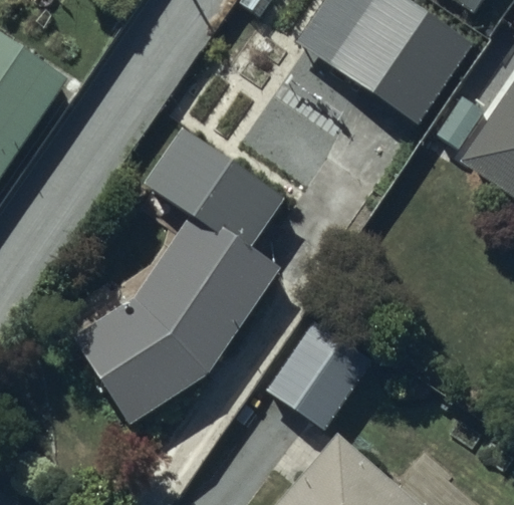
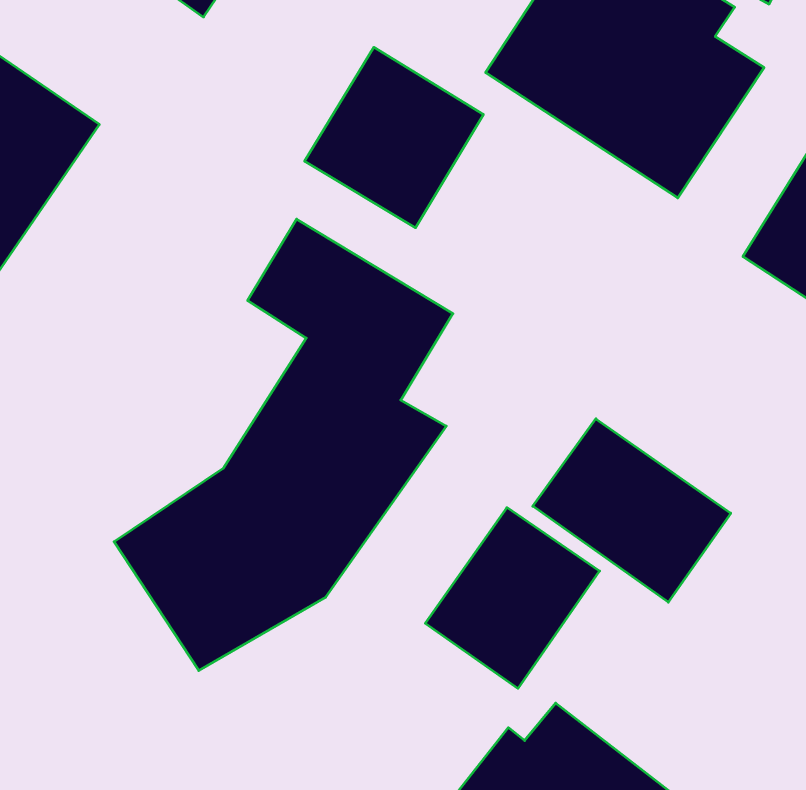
building: none -> [305,47,483,228]
building: none -> [533,419,731,602]

